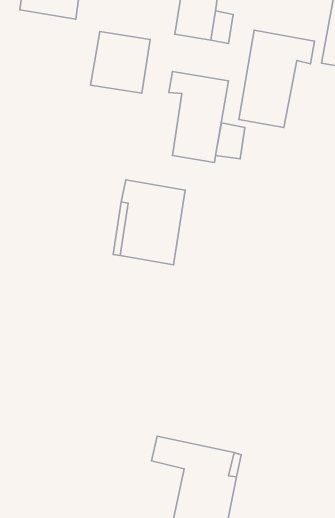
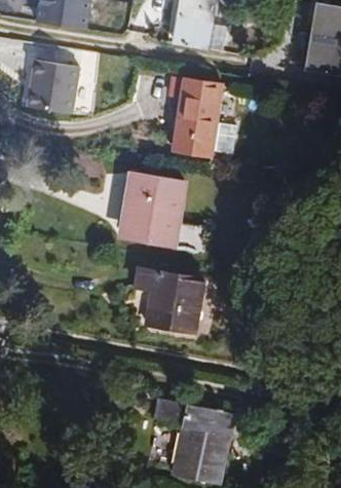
building: [239,30,315,127] -> none
building: [91,31,150,93] -> [27,59,79,113]
building: none -> [135,266,203,332]

